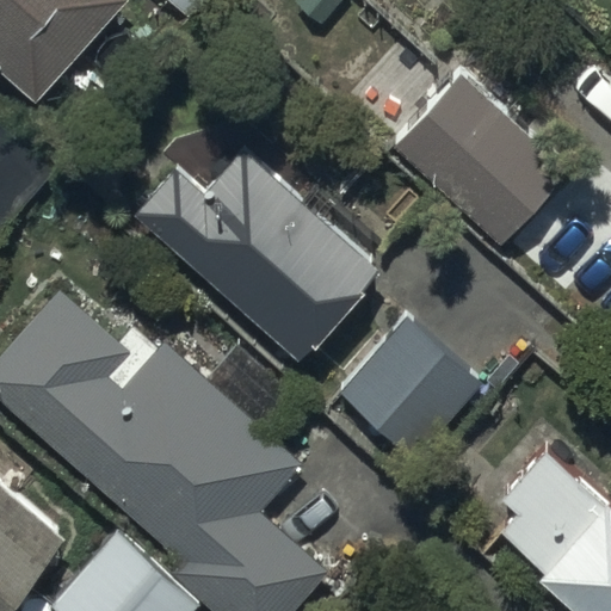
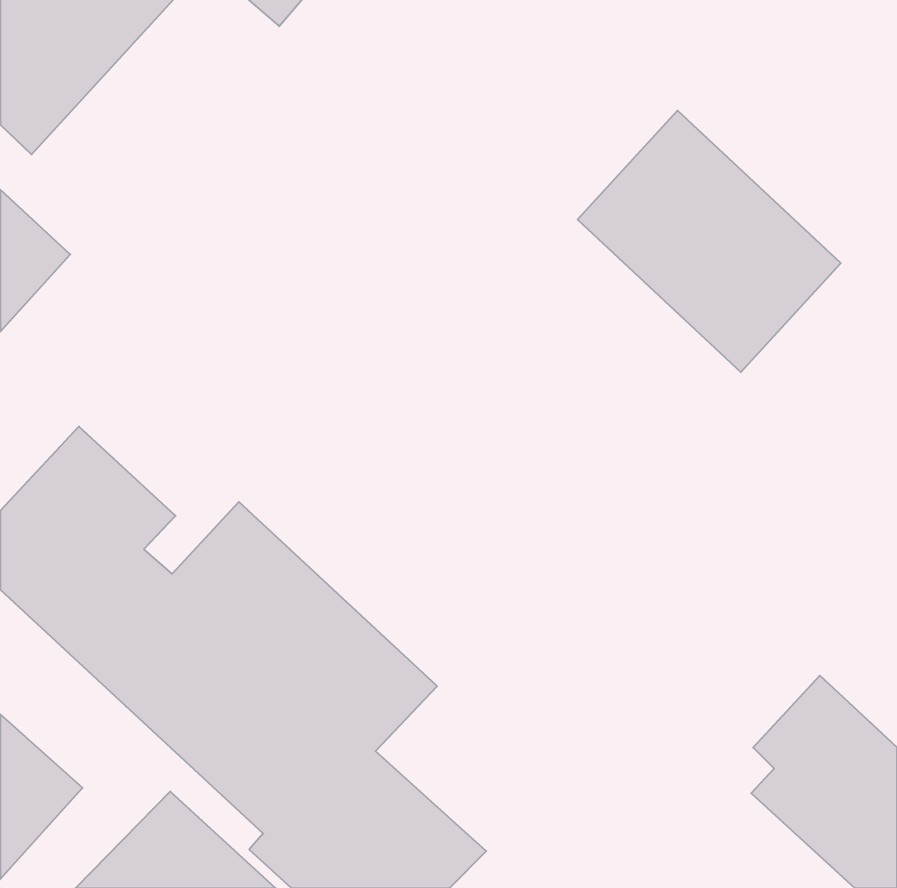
building: [134,147,381,360] -> none
building: [342,322,483,464] -> none

